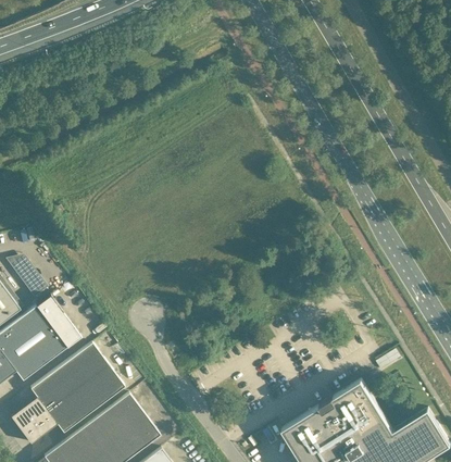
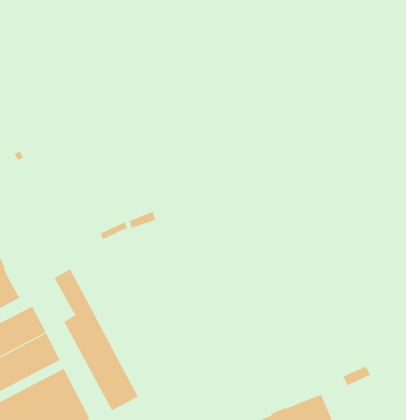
building: none -> [54,268,139,411]

